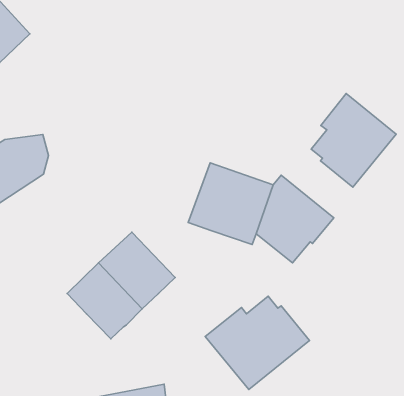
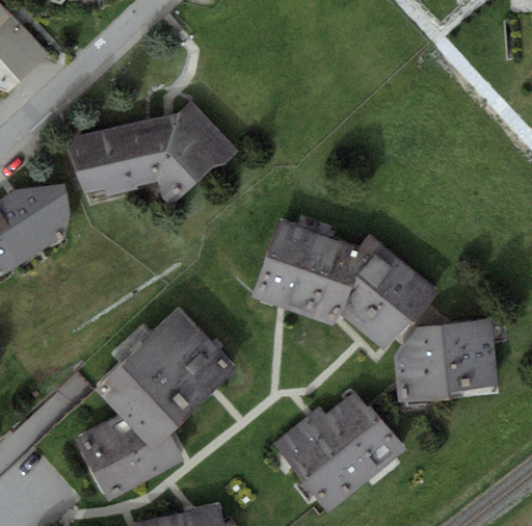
building: none -> [65,100,239,206]
building: [311,94,396,187] -> none
building: none -> [392,318,498,403]
building: none -> [75,415,183,499]

